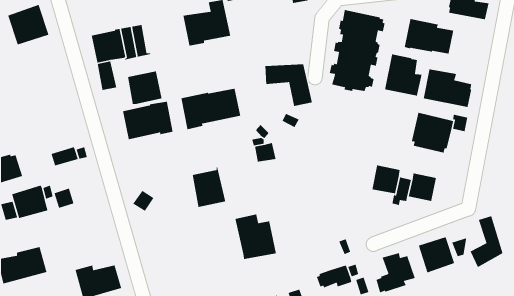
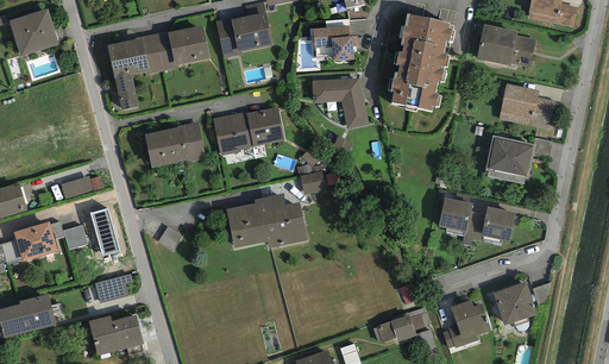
building: none -> [313,25,353,61]
building: [384,54,423,96] -> none
building: [127,70,163,105] -> [168,24,209,64]
building: none -> [90,207,119,255]
building: [235,213,277,260] -> [257,193,307,247]
building: [469,215,504,268] -> none
building: none -> [94,272,132,302]

